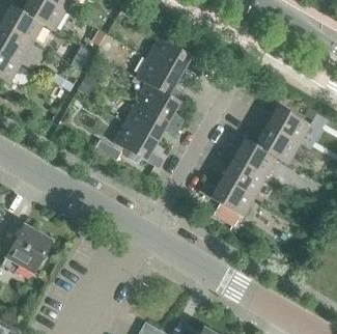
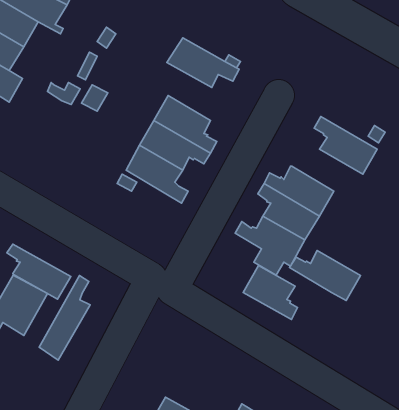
building: [135,57,185,103] -> none
building: [244,126,300,165] -> [290,251,361,300]
building: none -> [7,244,71,299]
building: none -> [243,265,298,319]
building: none -> [39,276,90,360]

